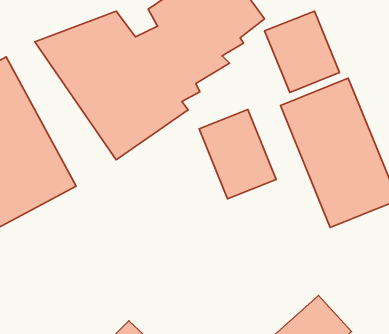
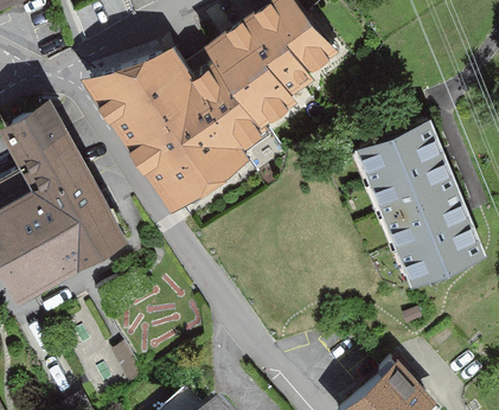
building: [265,11,340,92] -> none
building: [199,109,276,199] -> none

